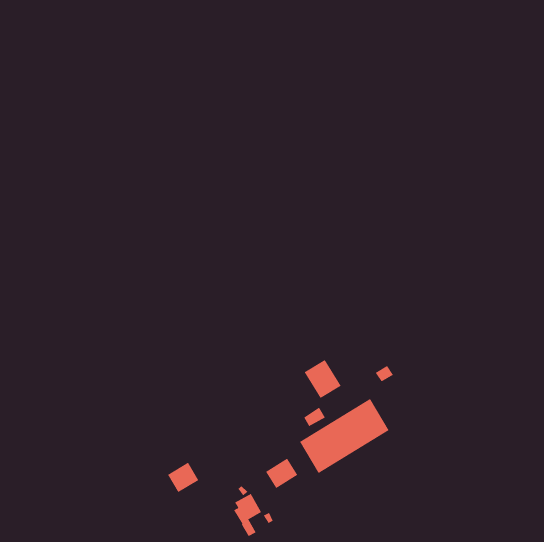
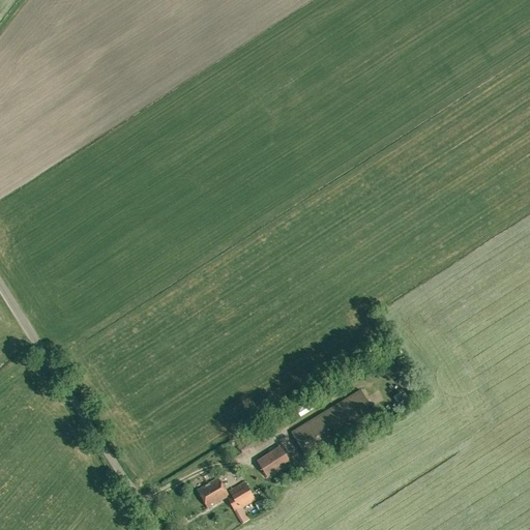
building: [304,359,341,399] -> none
building: [167,462,199,493] -> [198,476,229,506]

